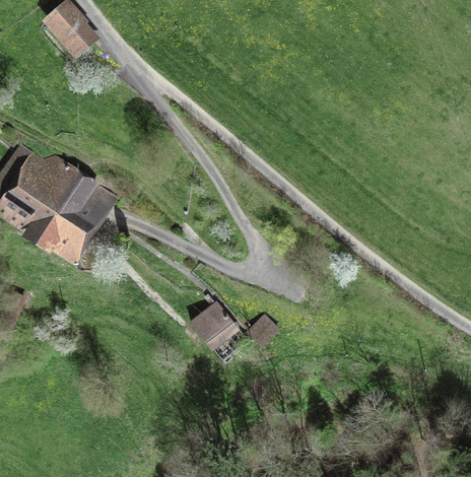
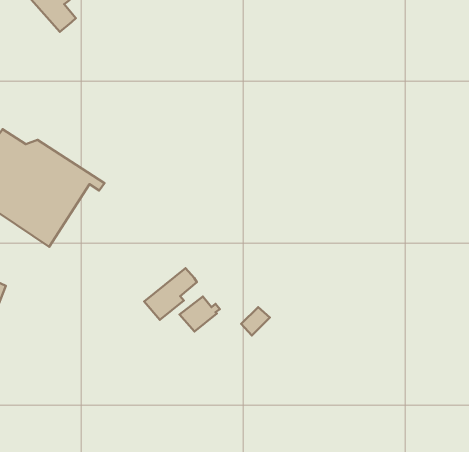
building: none -> [144,268,197,320]

